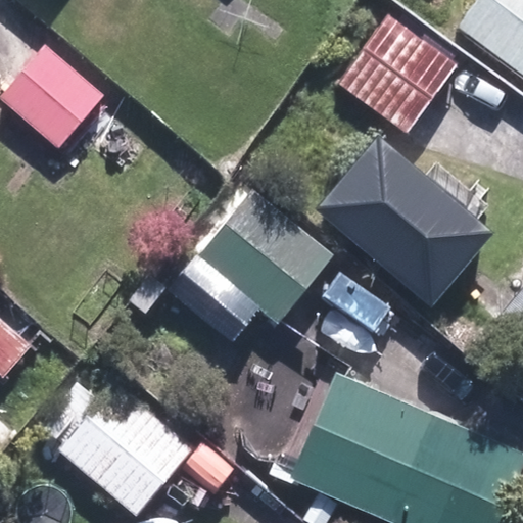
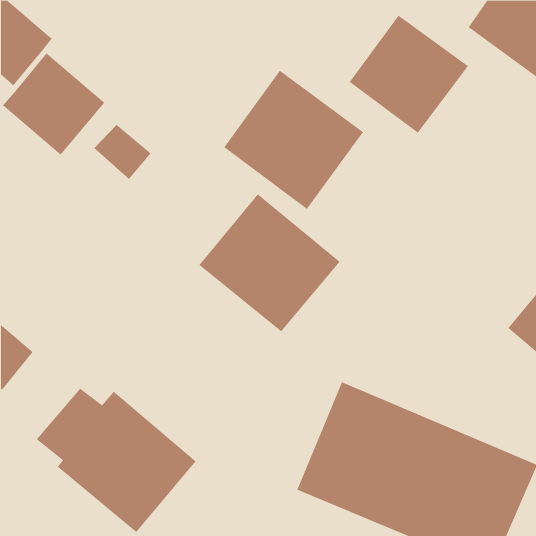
building: none -> [224,70,364,210]
building: [320,139,494,307] -> none

